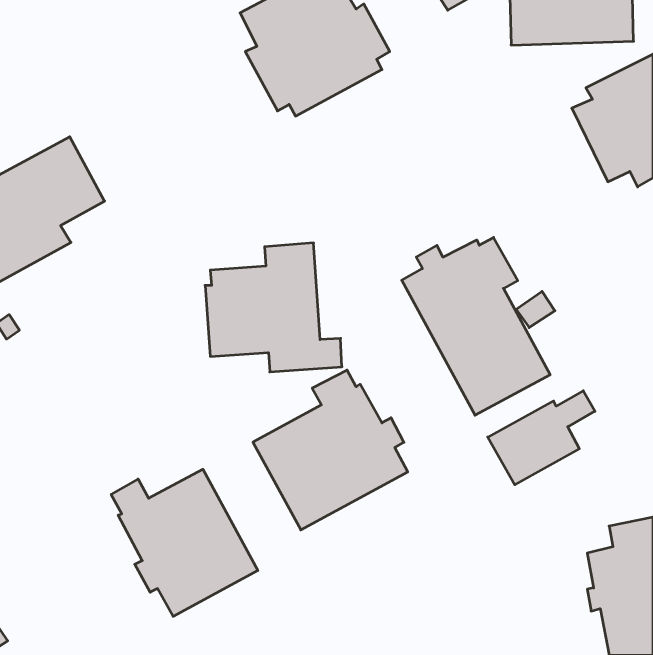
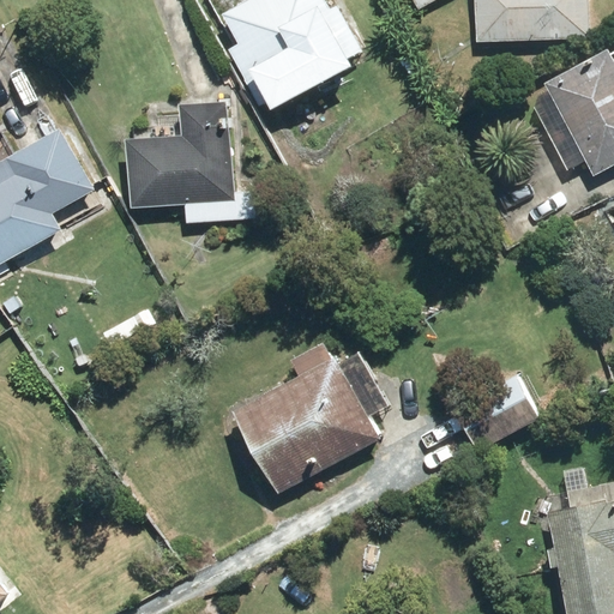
building: [402,237,550,415] -> none
building: [205,243,342,372] -> [125,102,252,222]
building: [111,469,258,616] -> none

